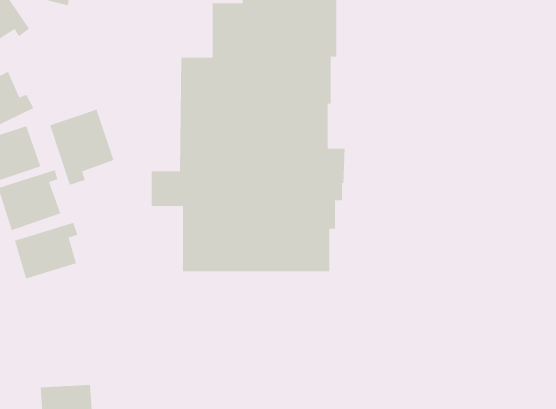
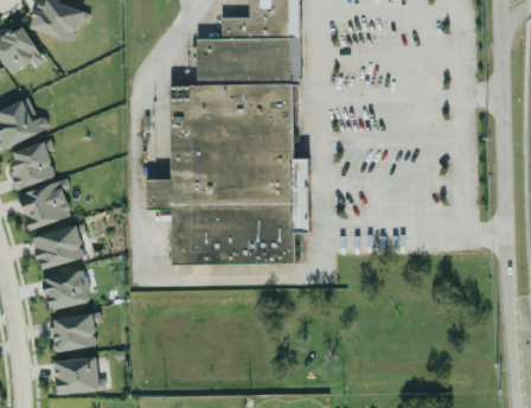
building: [50,109,114,186] -> none
building: none -> [43,268,91,310]
building: none -> [49,312,97,352]

